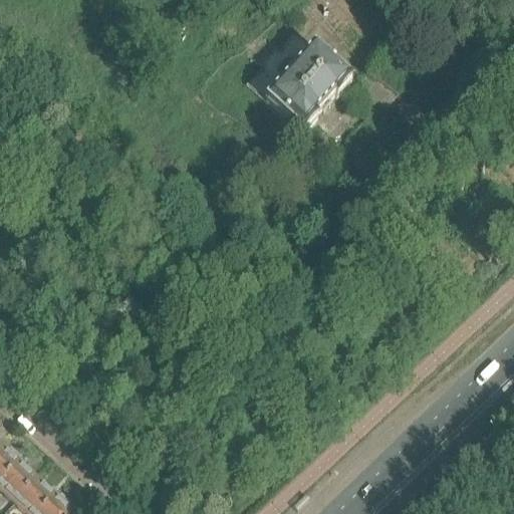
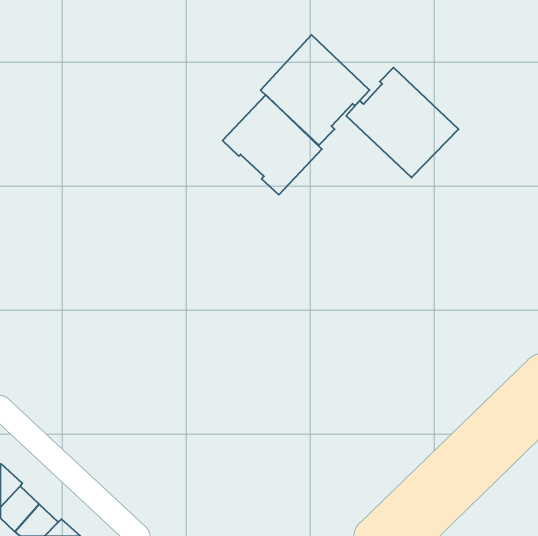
building: none -> [346,68,459,178]
building: none -> [223,95,322,195]

